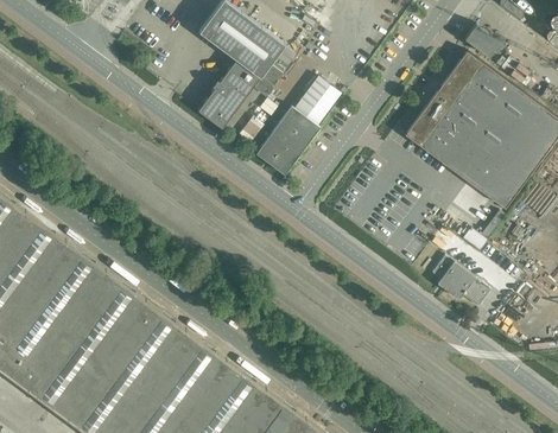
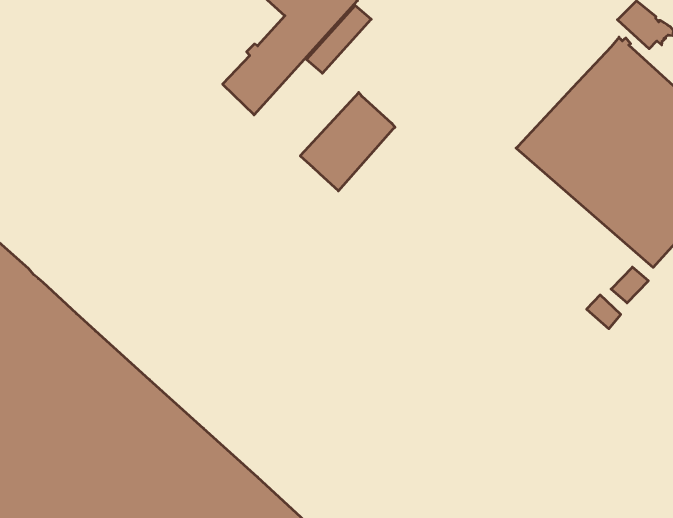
building: [293,76,341,126] -> none
building: [431,256,489,307] -> none

